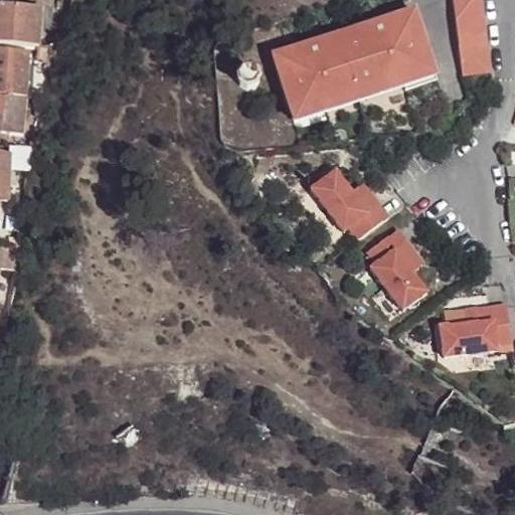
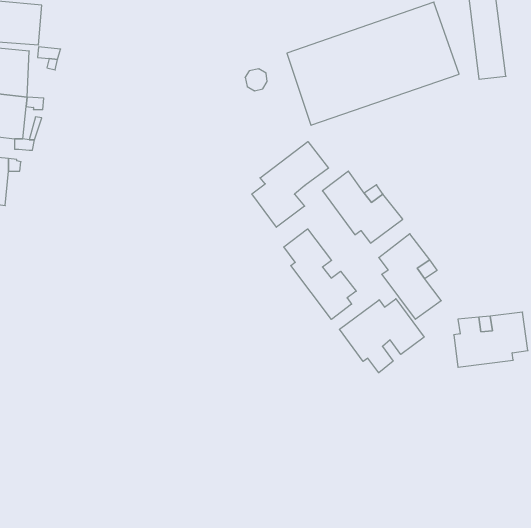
building: none -> [252,142,329,227]
building: none -> [284,229,356,319]
building: none -> [339,299,424,373]

